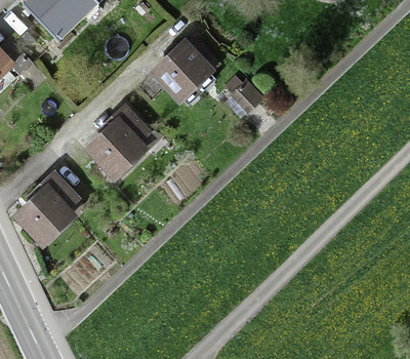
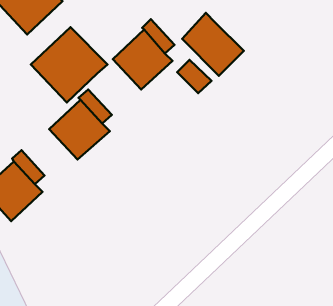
building: none -> [182,13,244,76]
building: none -> [31,27,108,103]

